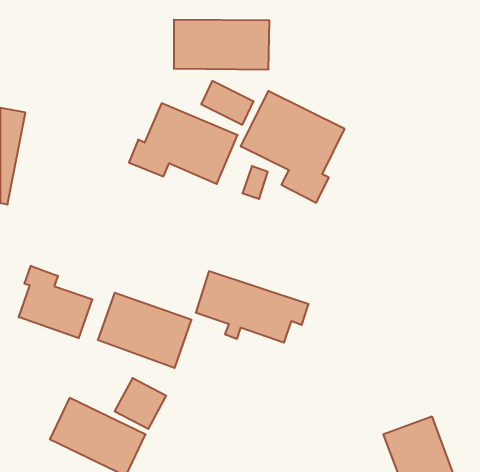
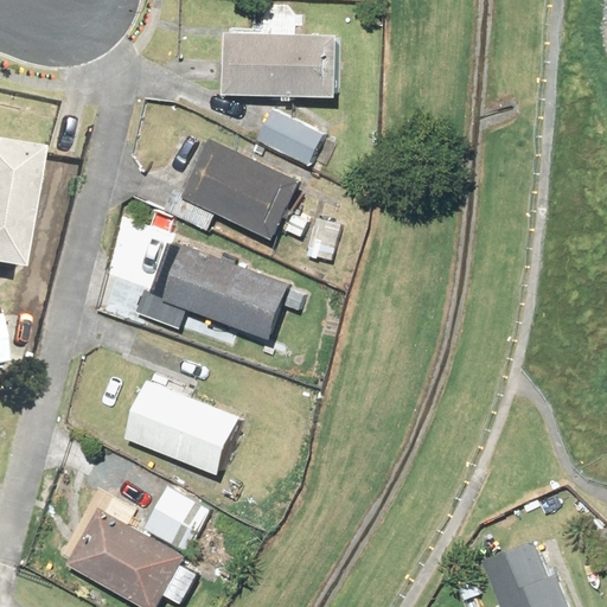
building: [241,91,344,203] -> none
building: [19,266,92,338] -> none
building: [196,271,309,343] -> [161,247,304,337]

